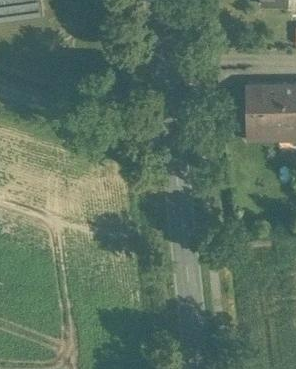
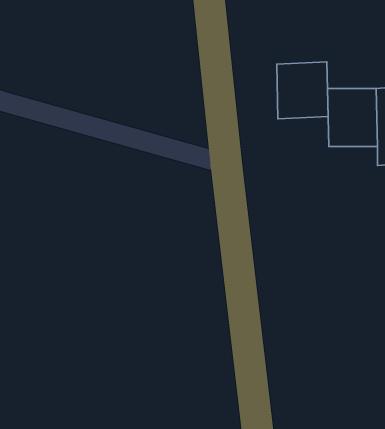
building: none -> [277,62,328,119]

